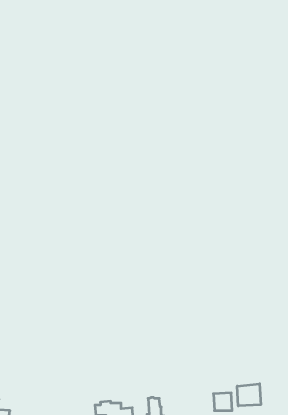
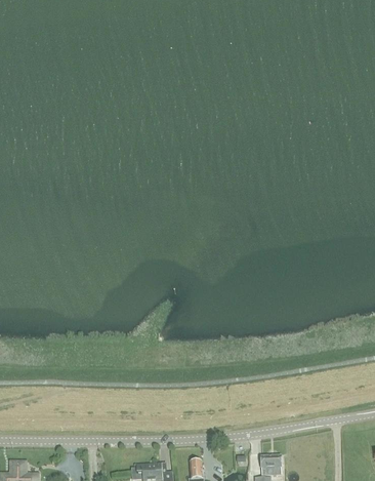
building: [237,384,261,406] -> none

